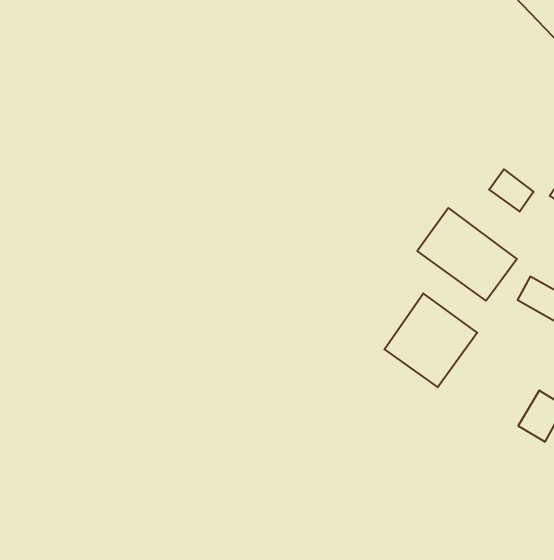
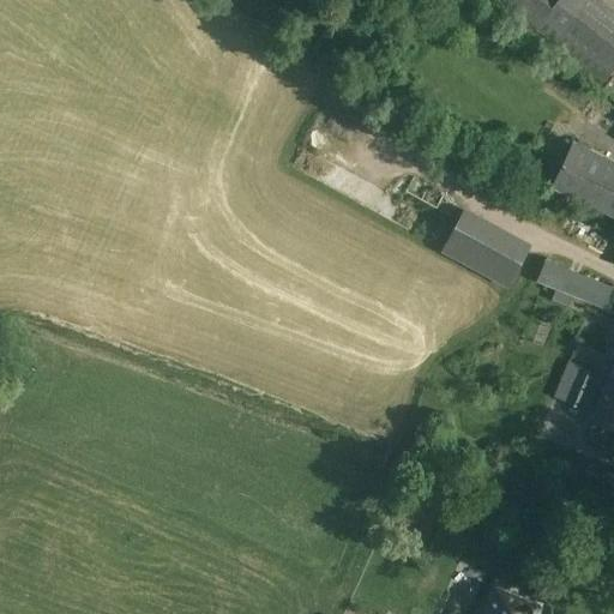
building: [489,169,534,212] -> none
building: [384,293,477,387] -> none

